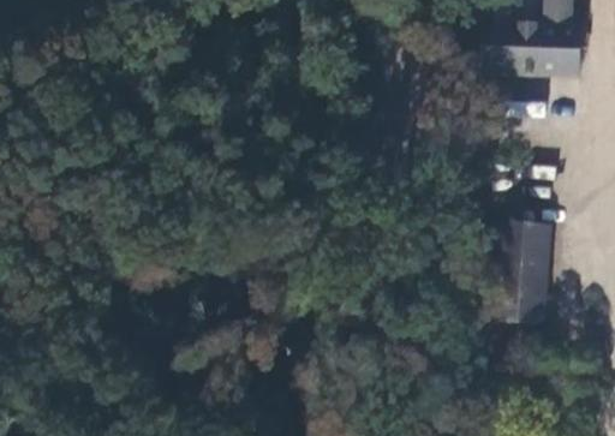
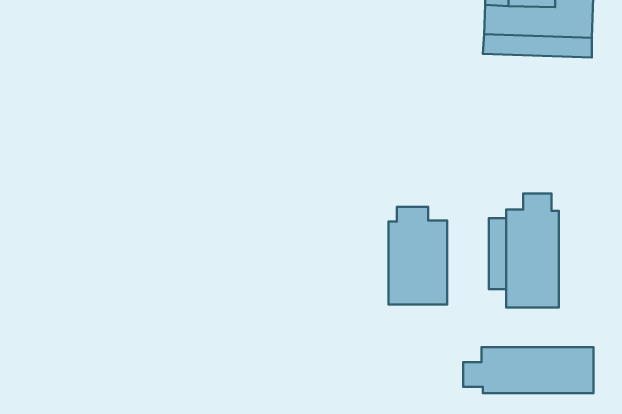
building: none -> [389,207,447,305]
building: none -> [463,347,594,393]

